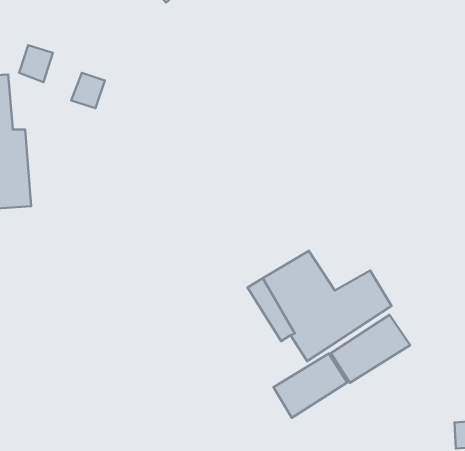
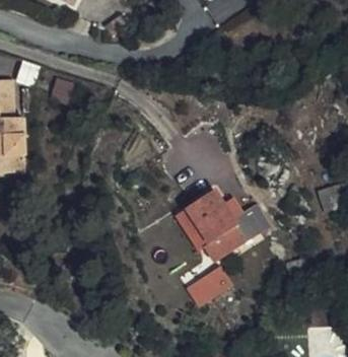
building: [331,315,410,383] -> none

